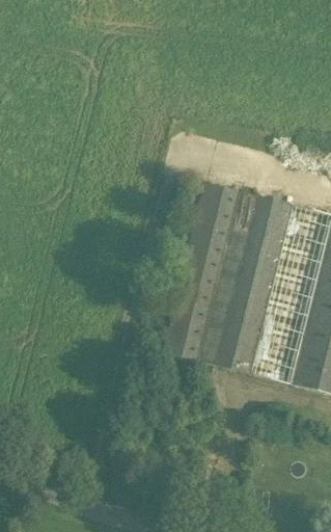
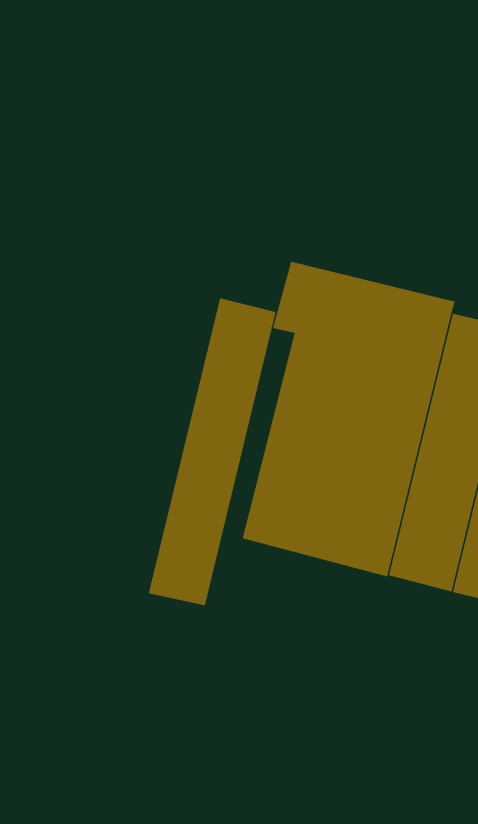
building: none -> [148,298,276,606]

